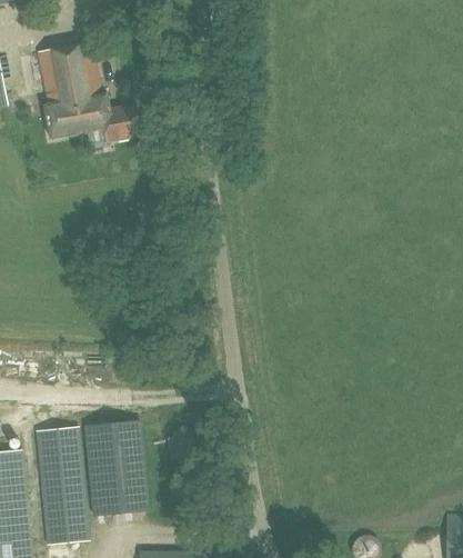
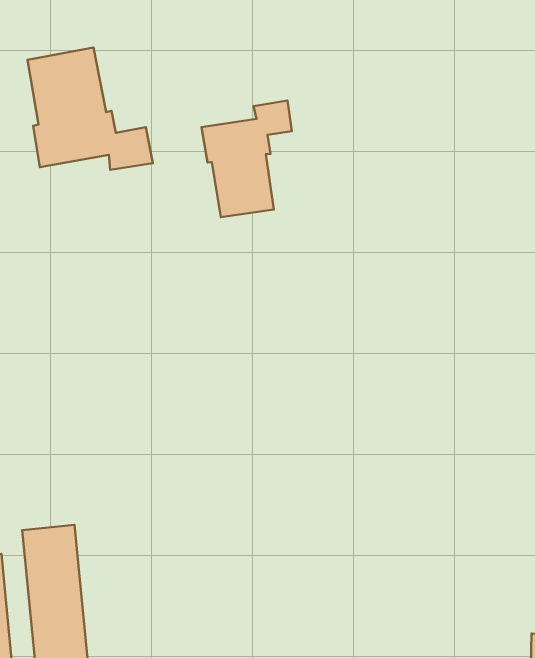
building: none -> [201,100,292,217]
building: [84,421,149,516] -> none

